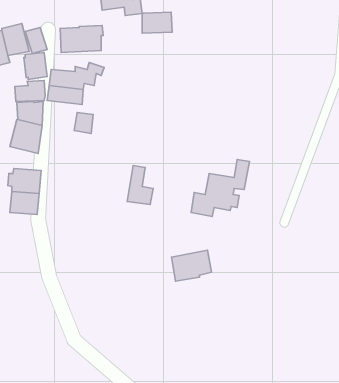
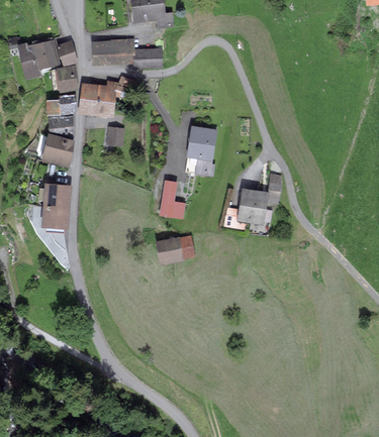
building: [142,12,172,33] -> [132,47,163,69]
building: none -> [184,125,216,177]
building: [171,250,211,281] -> [155,234,195,265]

